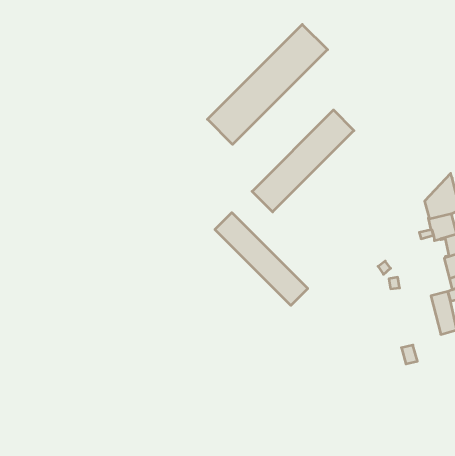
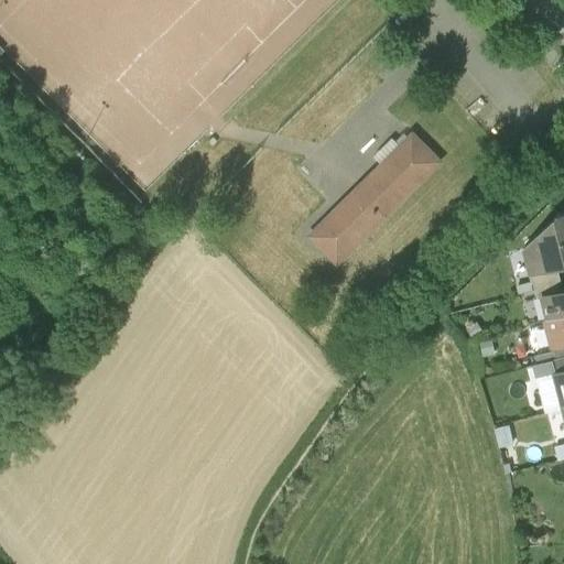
building: [207,24,328,144] -> none
building: [215,213,308,305] -> none

